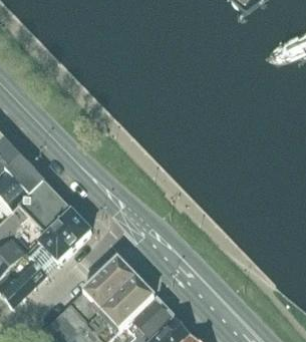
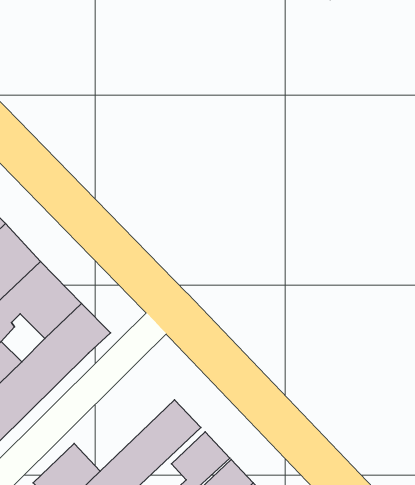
building: [67,258,136,325] -> none

